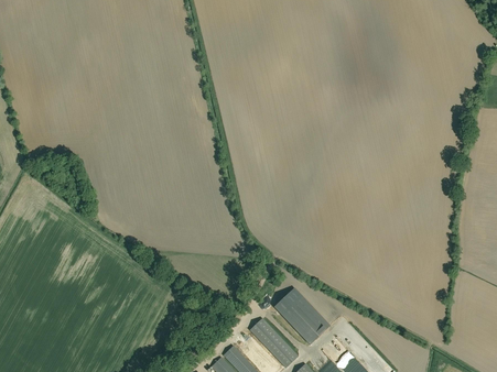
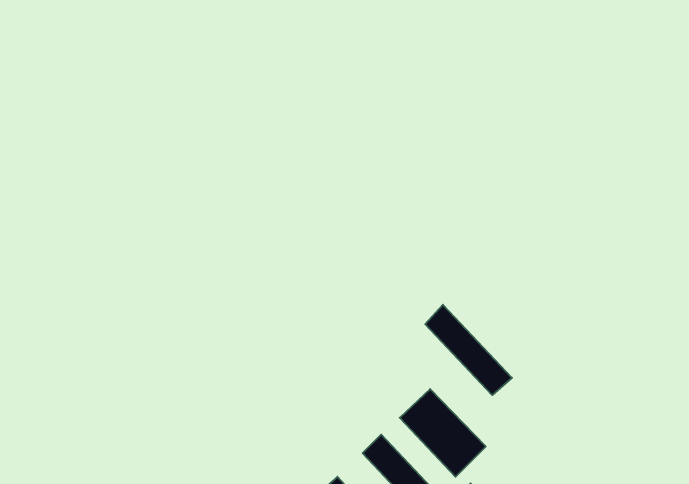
building: none -> [425,305,512,395]

